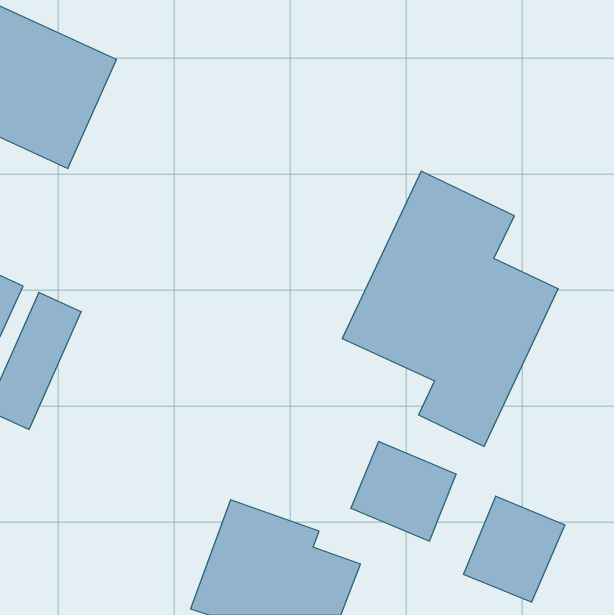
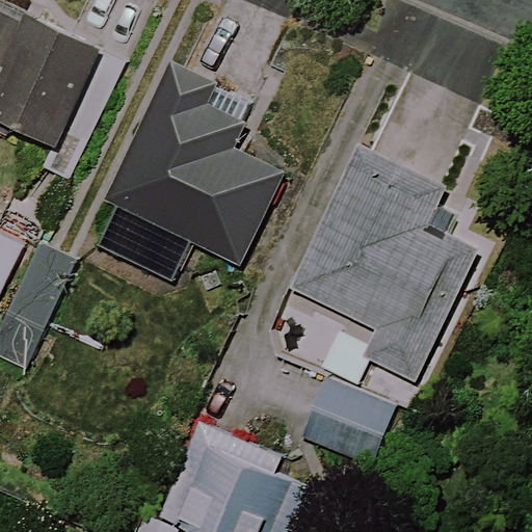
building: none -> [100,96,282,280]
building: [463,496,565,602] -> none

